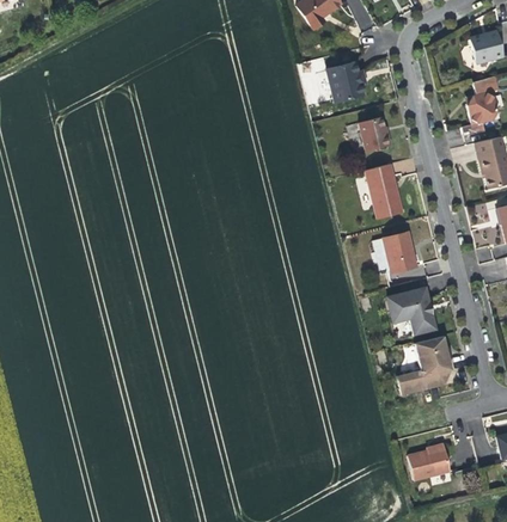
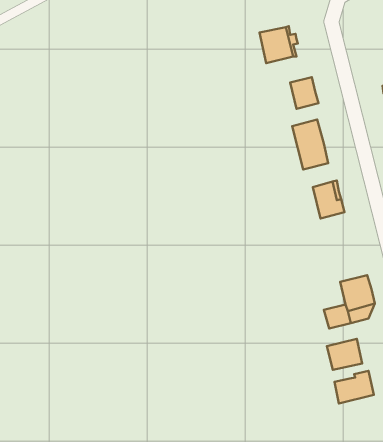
building: [387,288,434,337] -> none
building: none -> [327,339,362,370]

